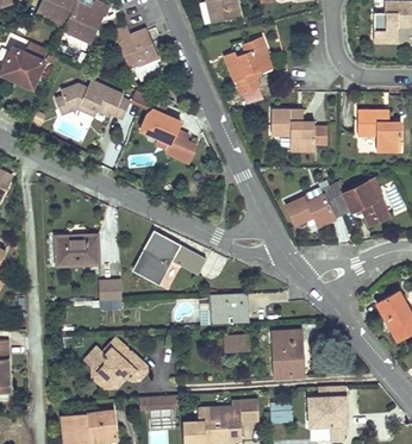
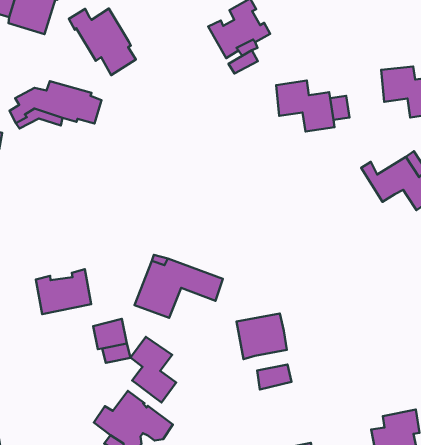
building: [130,89,196,163] -> none
building: [286,180,343,227] -> none
building: none -> [130,337,176,402]
building: [271,331,302,379] -> none

